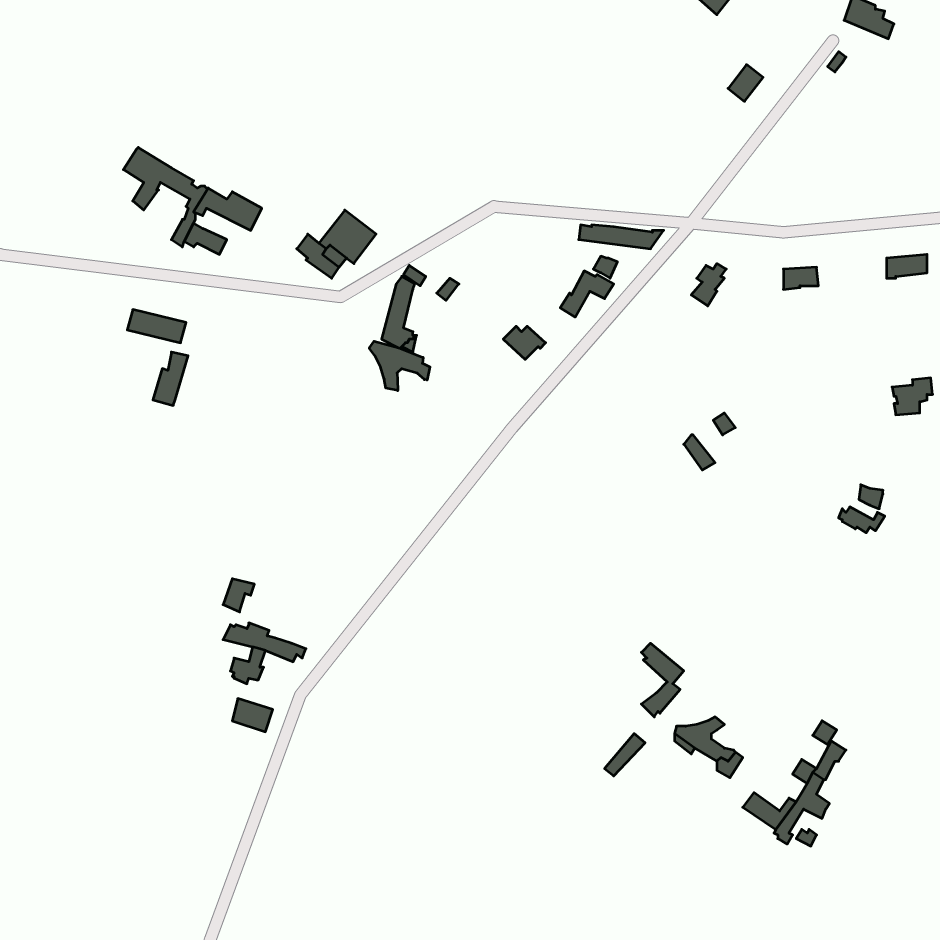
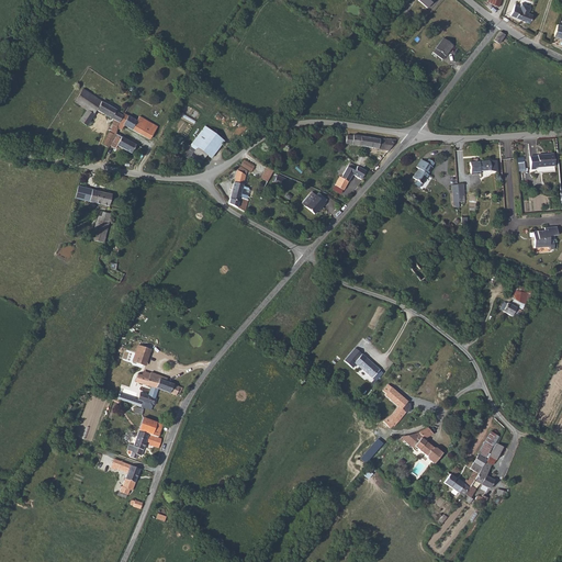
building: [369,341,430,391] -> none
building: none -> [345,347,385,380]
building: none -> [127,429,162,457]
building: none -> [112,458,142,494]

